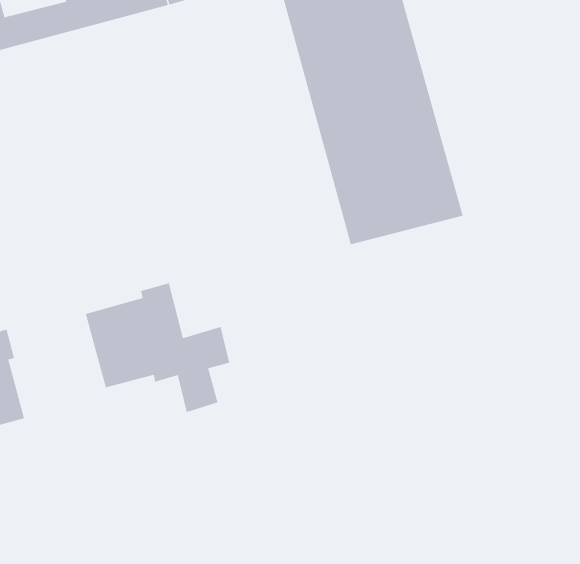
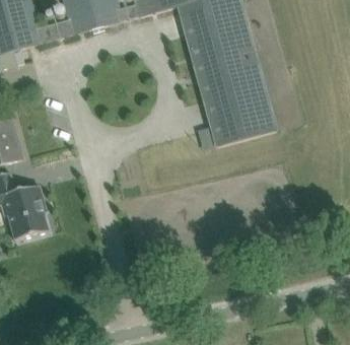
building: [85,282,230,413] -> none

